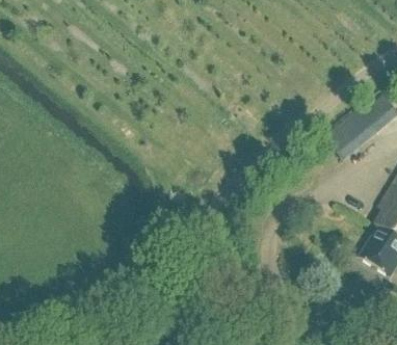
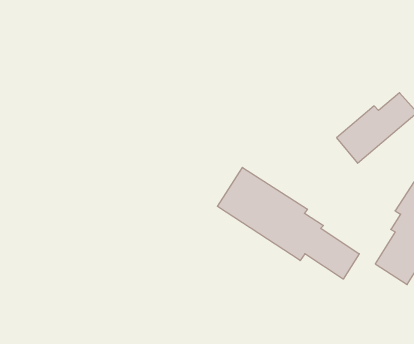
building: none -> [217,167,359,279]

